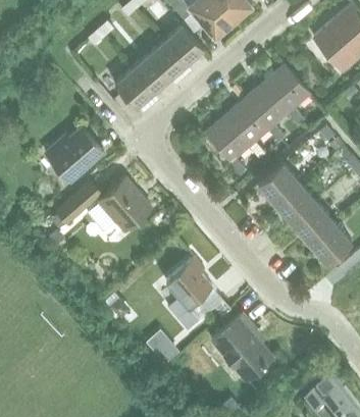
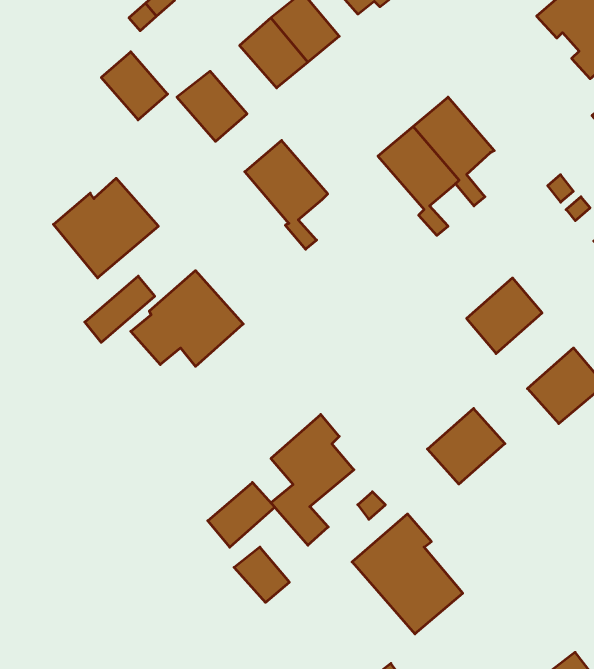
building: [133,53,169,91] -> [101,52,168,120]
building: [264,64,309,124] -> none
building: [205,114,251,174] -> [245,140,328,249]
building: [257,162,300,204] -> none
building: [291,201,333,243] -> [427,408,505,484]
building: none -> [208,482,275,547]

